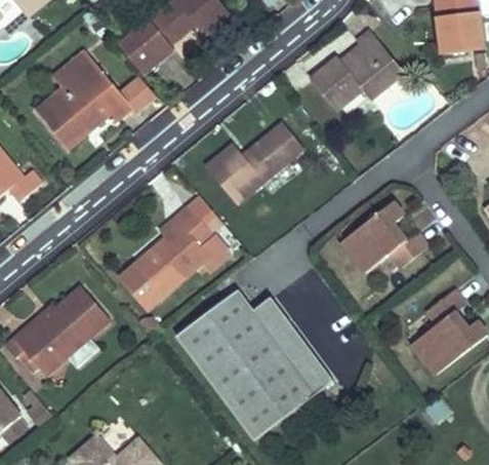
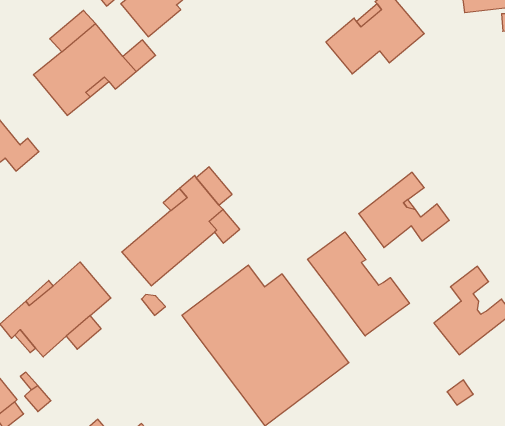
building: [205,122,302,202] -> none
building: none -> [308,232,409,336]

